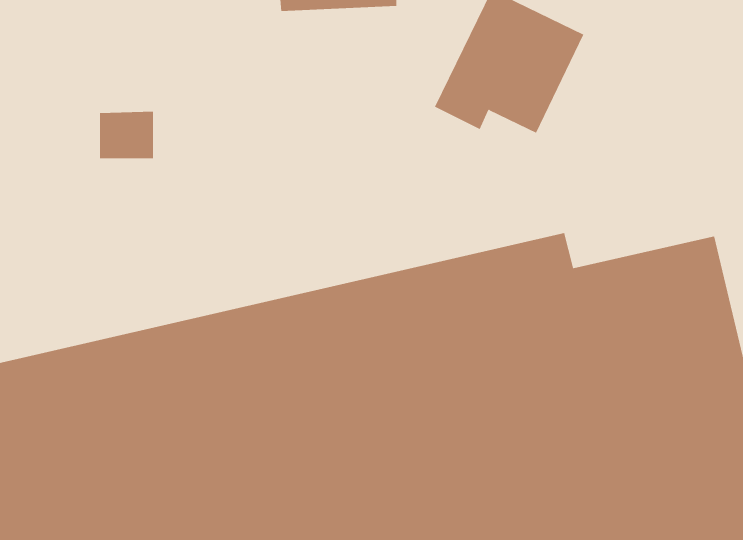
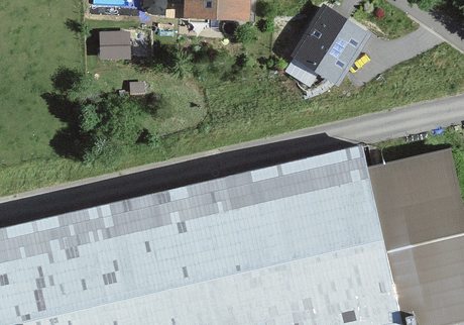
building: [99,111,154,159] -> [100,33,131,61]

